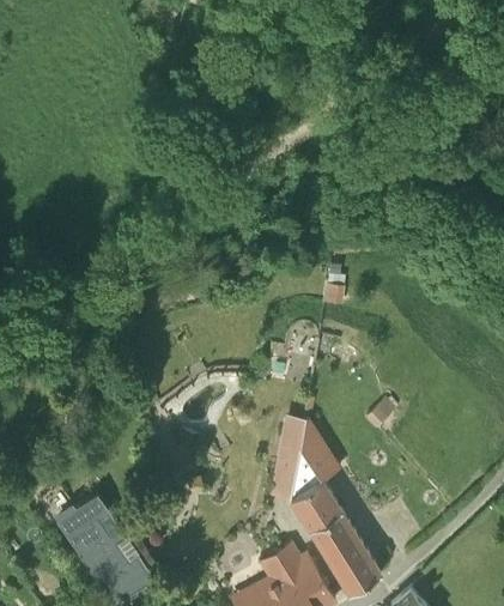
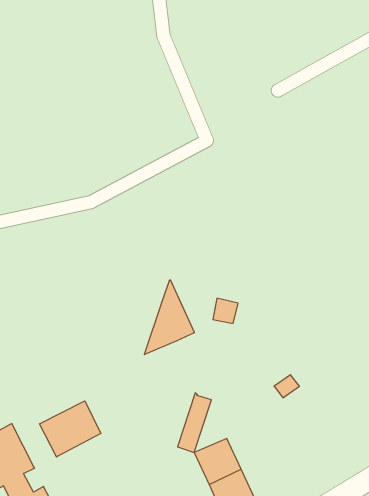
building: [289,417,338,498] -> [144,280,194,355]
building: none -> [40,401,101,457]

